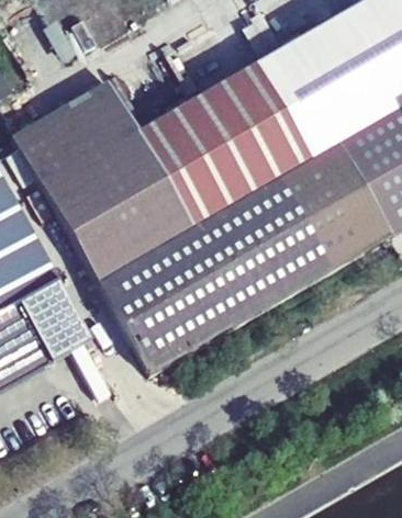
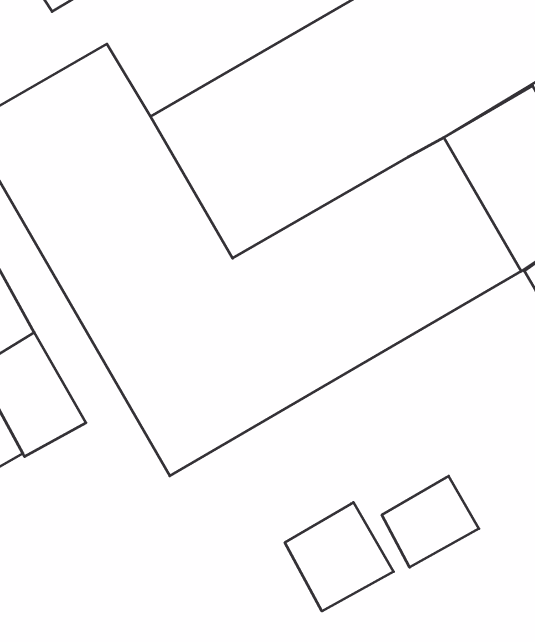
building: none -> [382,476,479,567]
building: none -> [285,502,394,611]

